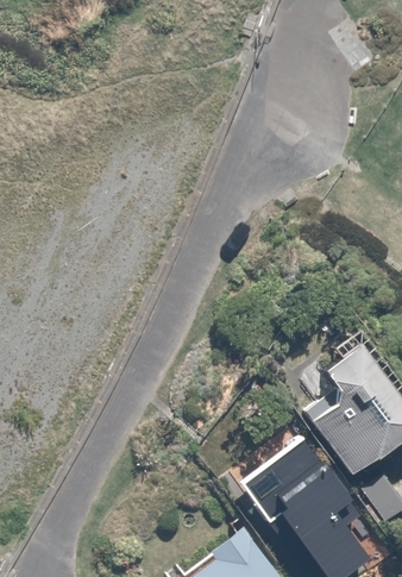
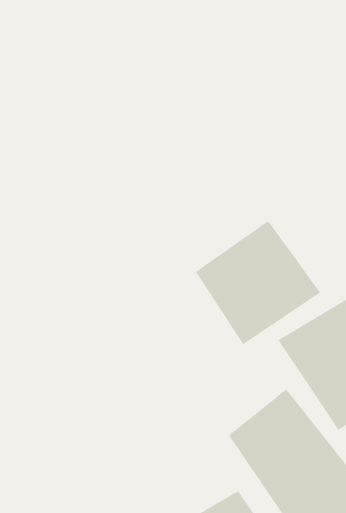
building: none -> [195,220,321,345]

